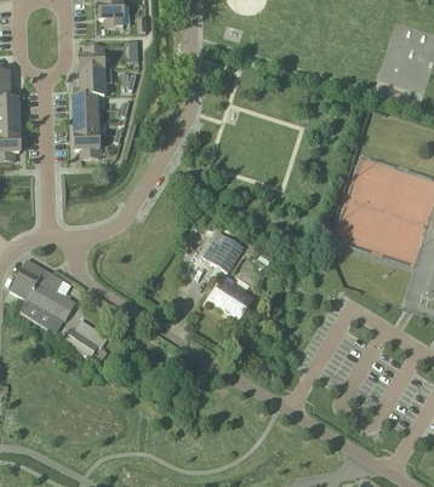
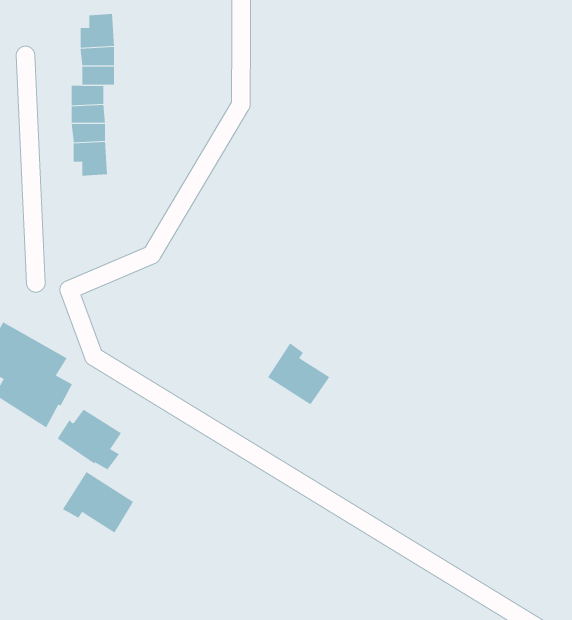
building: [204,230,244,270] -> none
building: none -> [62,471,134,533]

